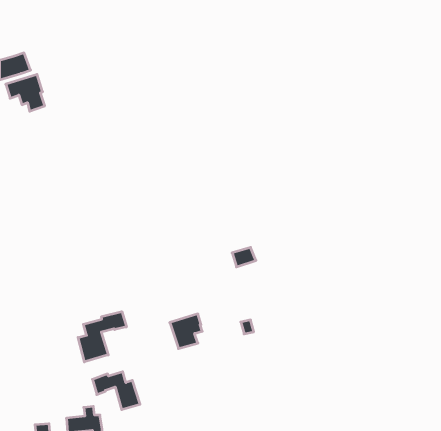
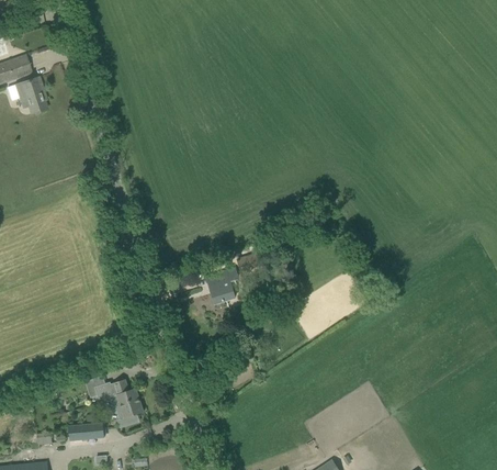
building: [78,312,126,362] -> none
building: [170,314,202,349] -> [206,268,239,303]

